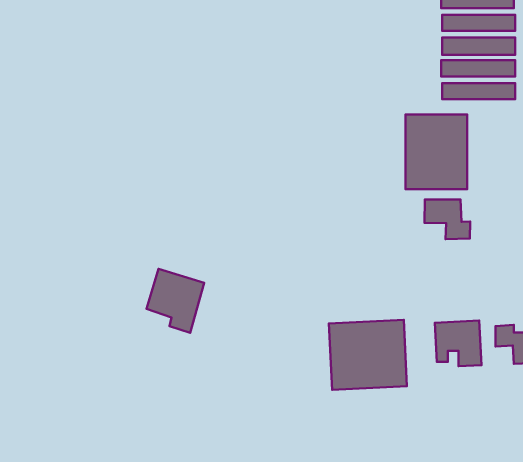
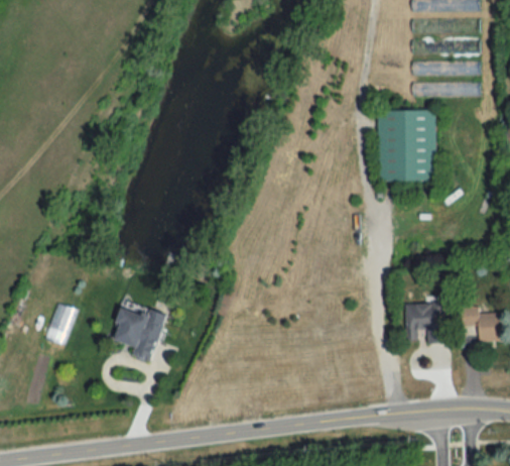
building: [424,200,470,239] -> none
building: [147,269,204,333] -> [112,304,165,363]
building: [329,320,407,390] -> none
building: none -> [45,303,77,345]

